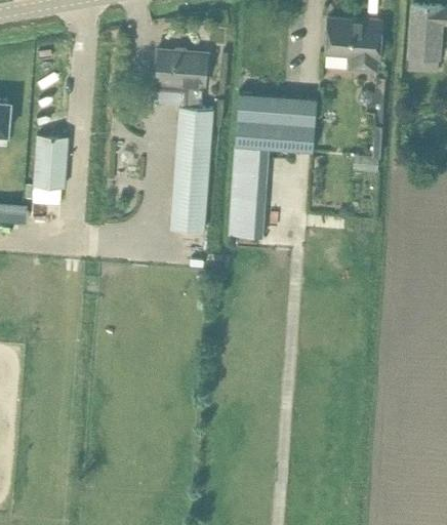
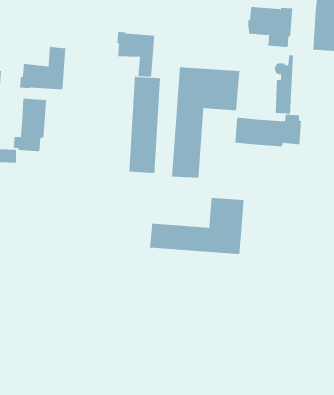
building: none -> [20,46,66,90]
building: none -> [235,114,302,147]
building: none -> [149,197,244,255]

